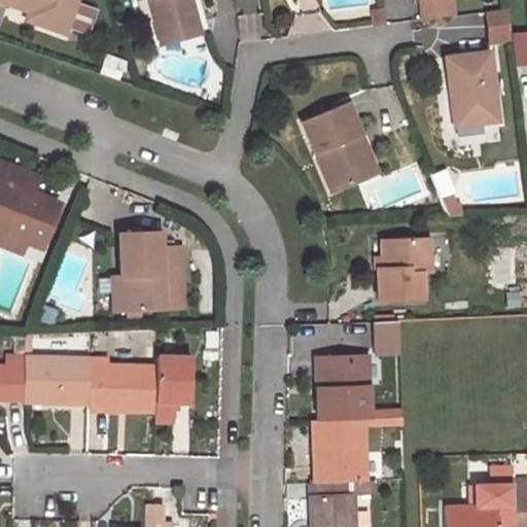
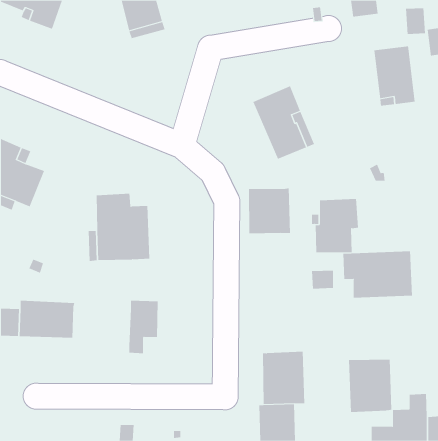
building: none -> [249,187,291,234]
building: none -> [343,251,412,298]
building: [319,357,372,421] -> [348,359,392,413]
building: [91,365,159,413] -> none

